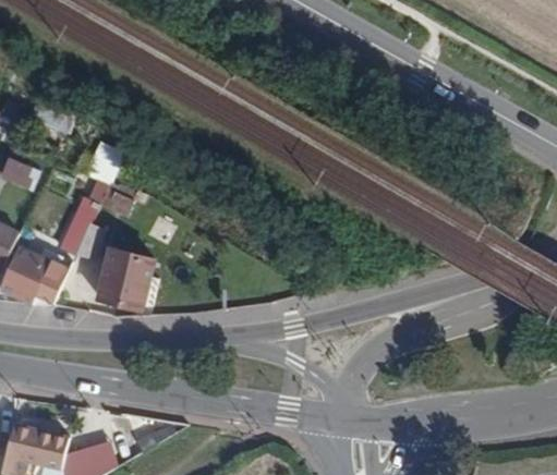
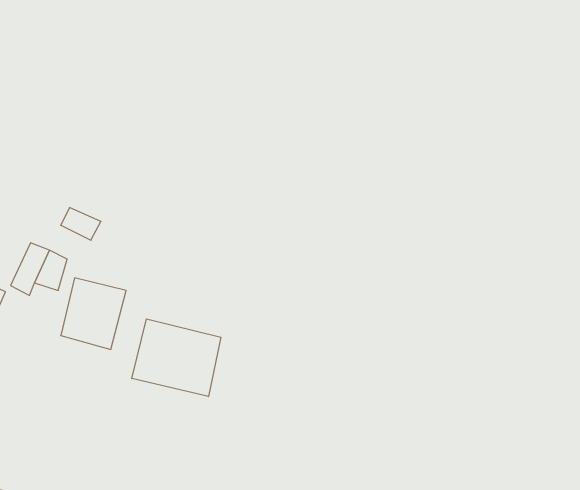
building: none -> [132,319,221,397]

